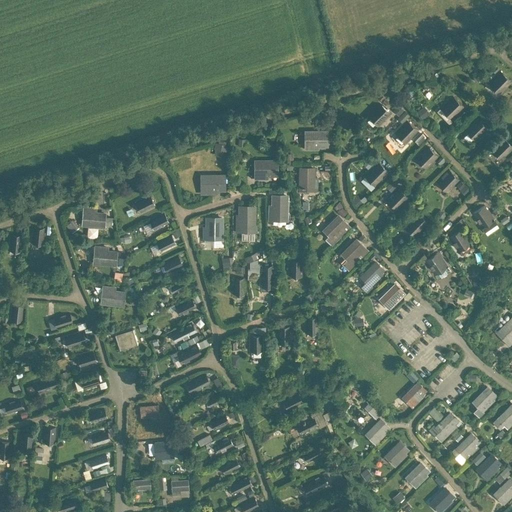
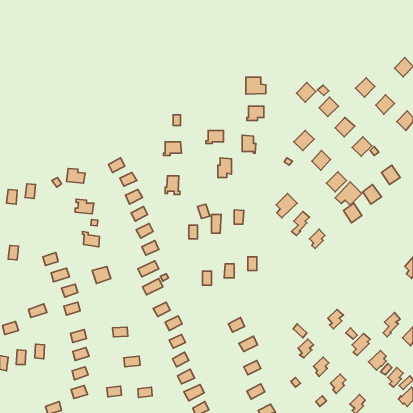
building: none -> [246,77,266,94]
building: [235,207,256,233] -> none
building: [325,216,349,246] -> none
building: none -> [335,182,362,205]

